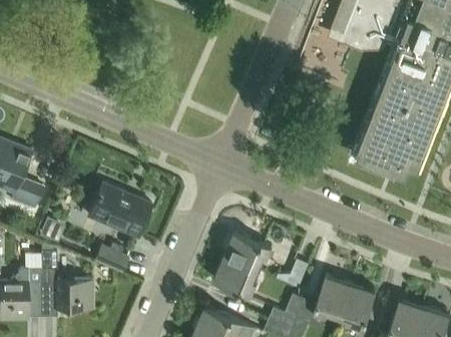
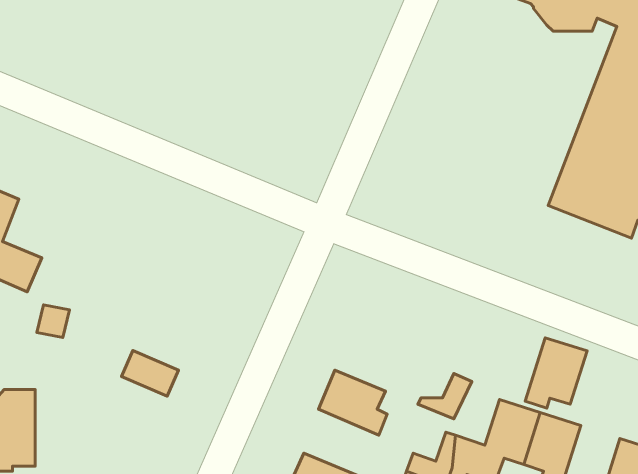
building: [87,183,150,236] -> none
building: [226,233,273,270] -> none
building: none -> [525,338,587,408]
building: [41,250,92,316] -> none

